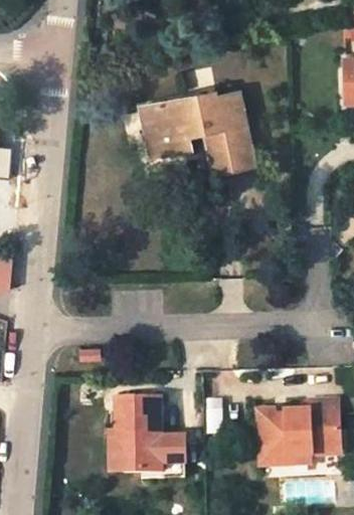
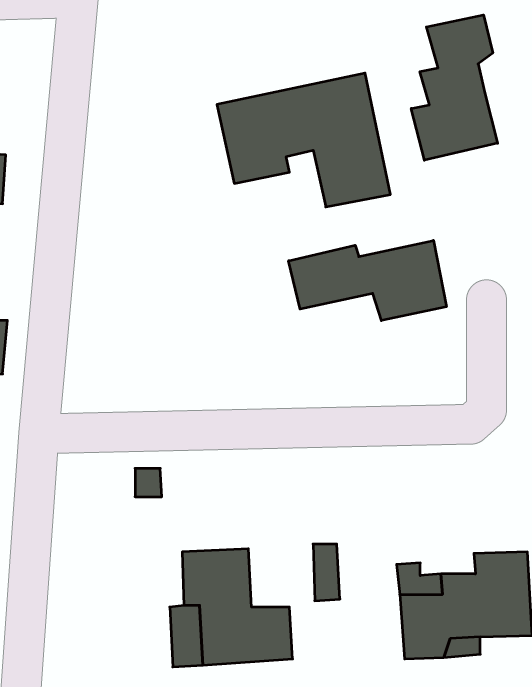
building: none -> [411,15,498,160]
building: none -> [289,240,446,321]

